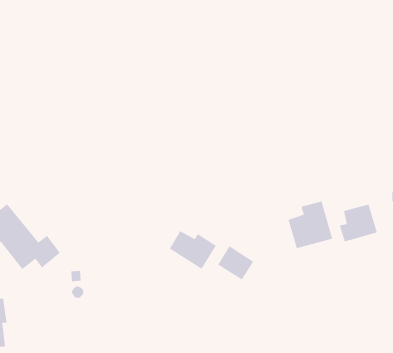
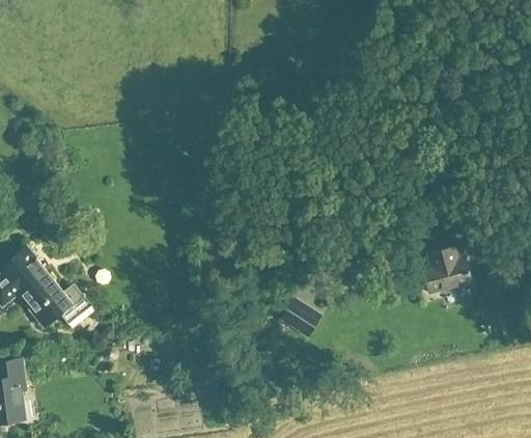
building: [287,200,333,249] -> none
building: [169,230,217,270] -> none

